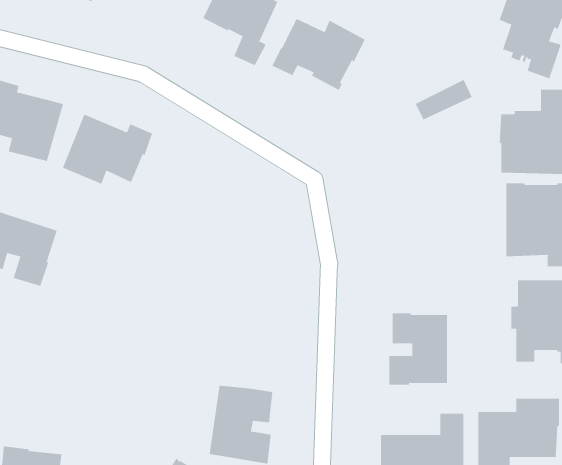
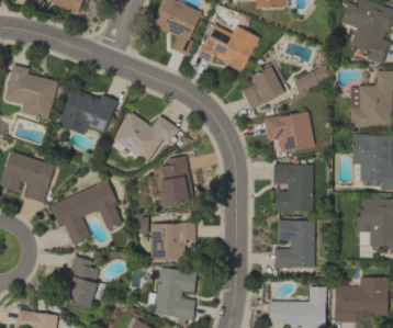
building: none -> [242,63,287,110]
building: none -> [262,111,315,154]
building: none -> [113,113,178,162]
building: none -> [159,156,193,206]
building: none -> [273,163,313,212]
building: none -> [49,180,122,245]
building: none -> [150,223,195,259]
building: none -> [64,256,105,308]

